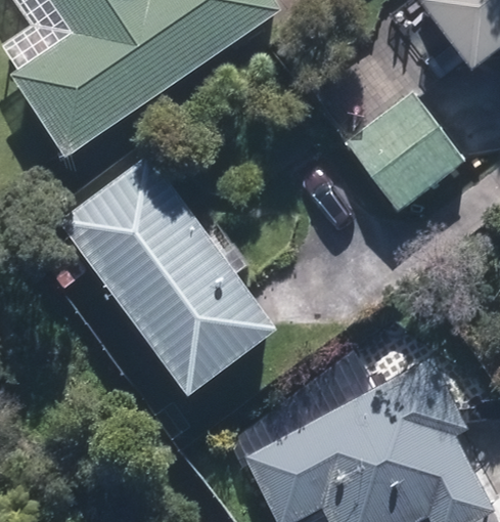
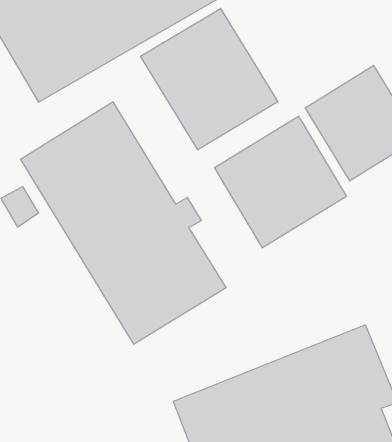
building: none -> [141,8,278,150]
building: none -> [214,116,347,248]

